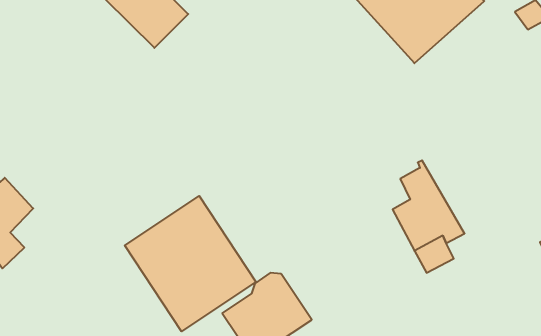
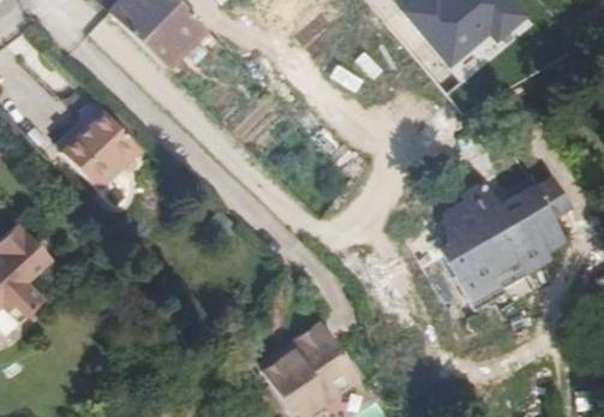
building: none -> [60,109,131,177]
building: none -> [472,185,570,278]
building: [125,196,256,331] -> none

